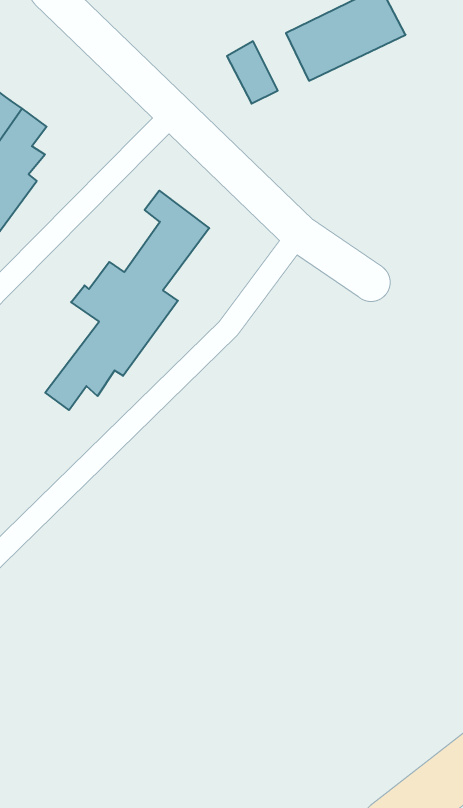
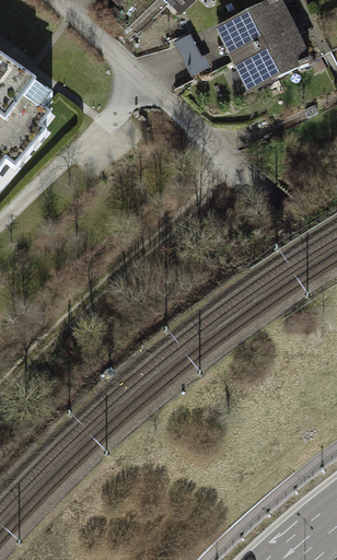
building: none -> [228,26,307,89]
building: [45,191,209,410] -> none

